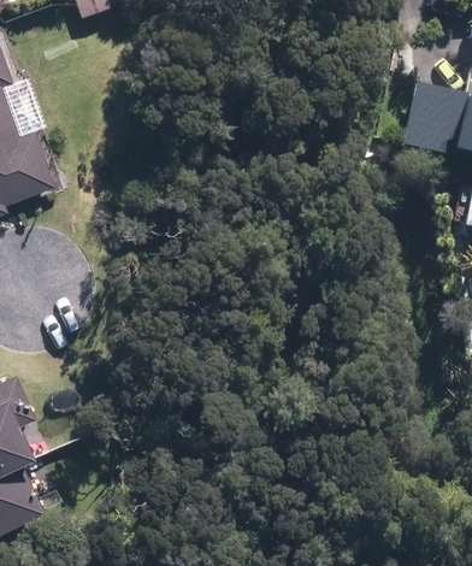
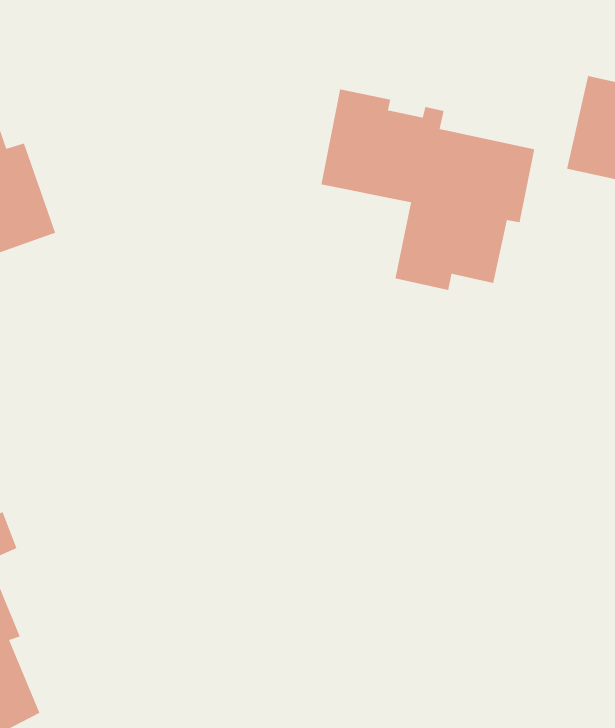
building: none -> [320,89,535,291]

